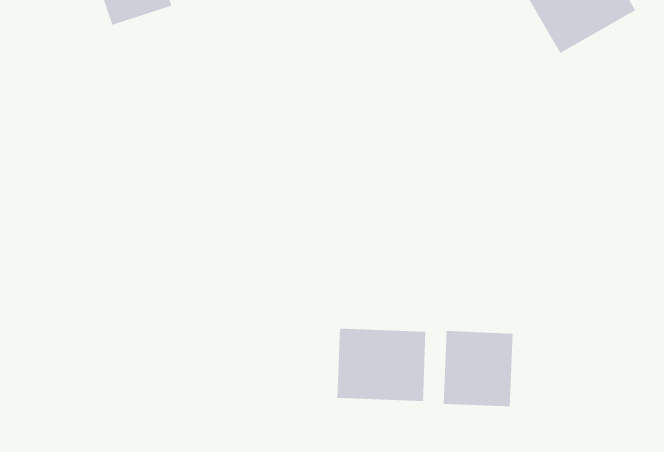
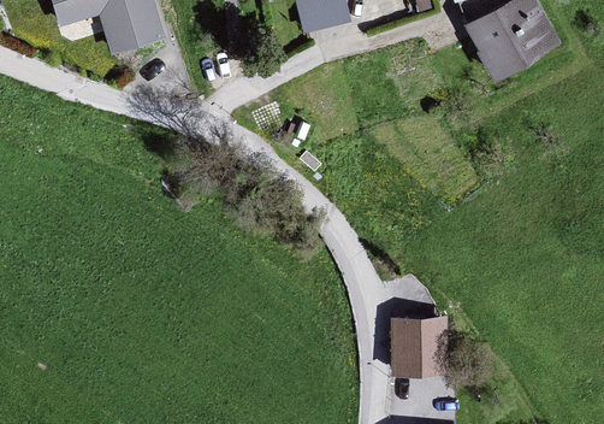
building: [337,328,426,402] -> none

